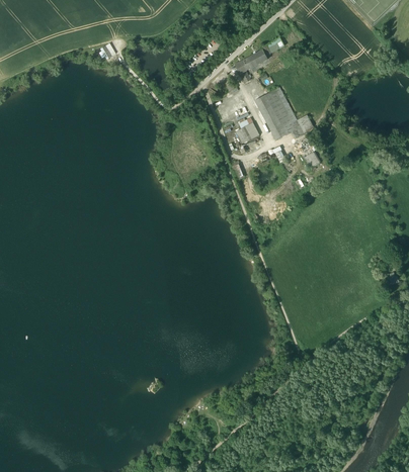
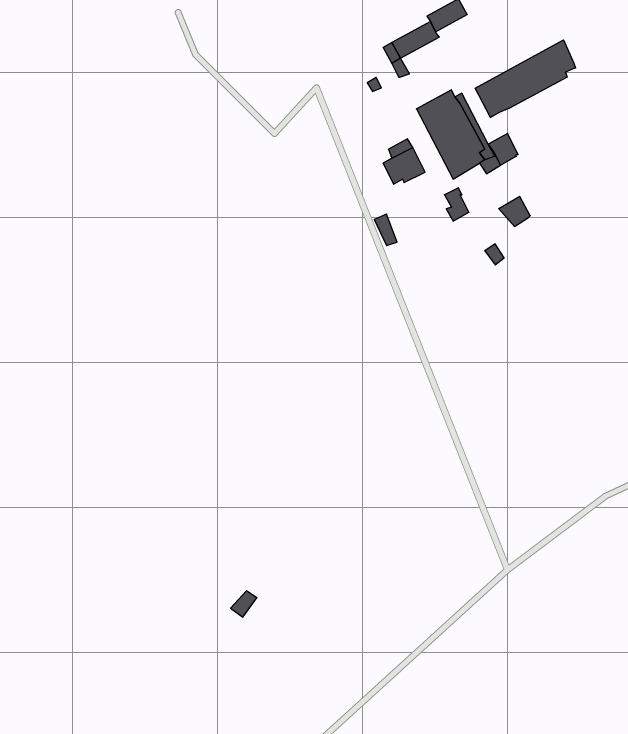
building: none -> [475,40,576,117]

